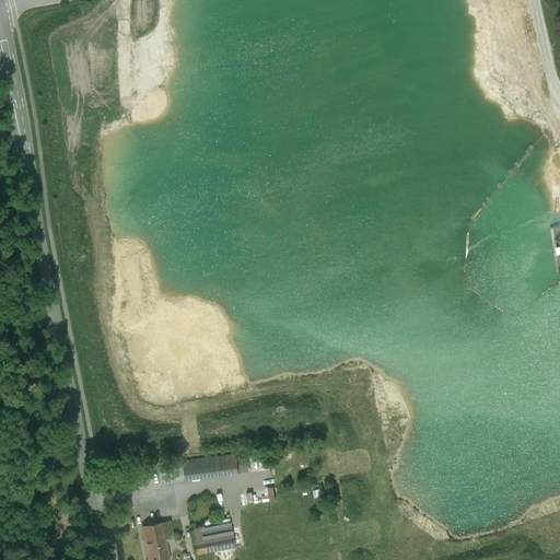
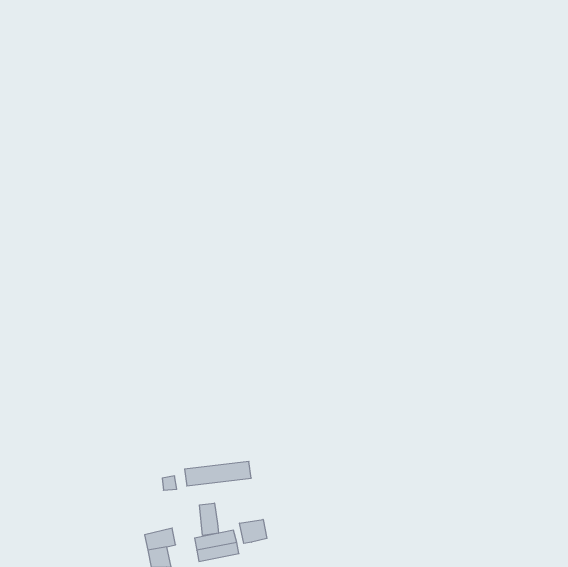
building: none -> [200,503,218,535]
building: none -> [240,519,267,543]

